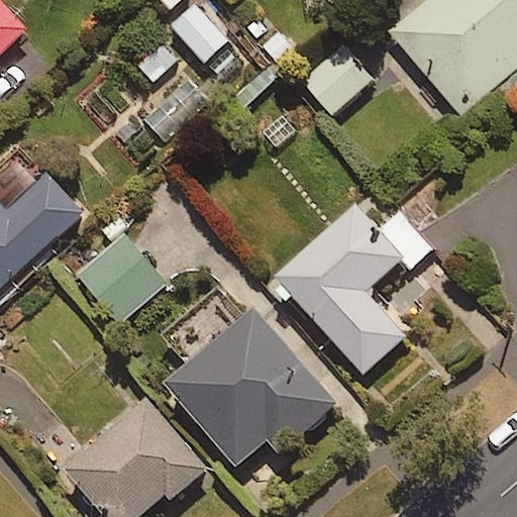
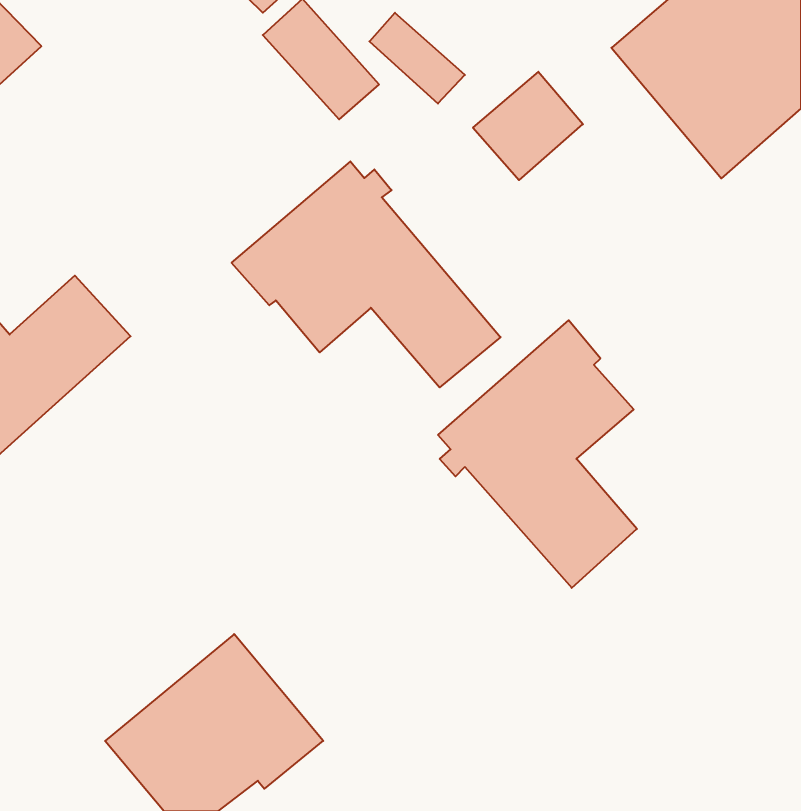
building: none -> [232,161,501,387]
building: [76,233,164,322] -> none
building: [170,310,335,463] -> none

